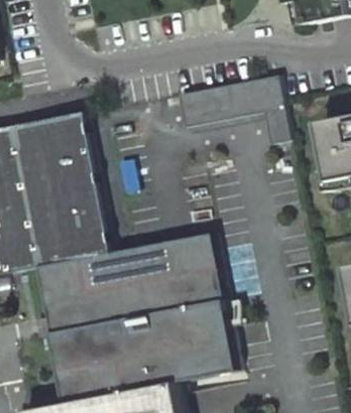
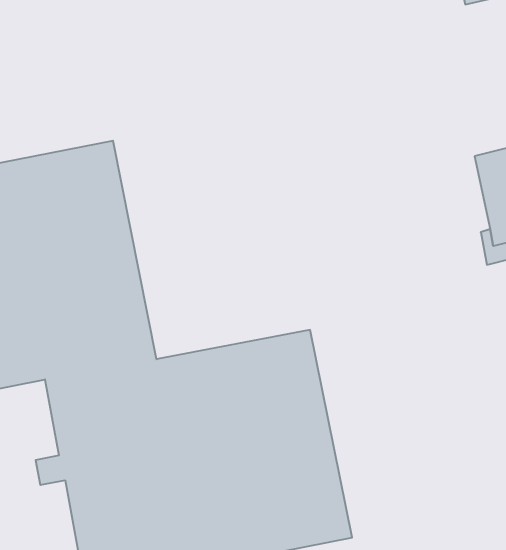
building: [172,76,284,144] -> none

